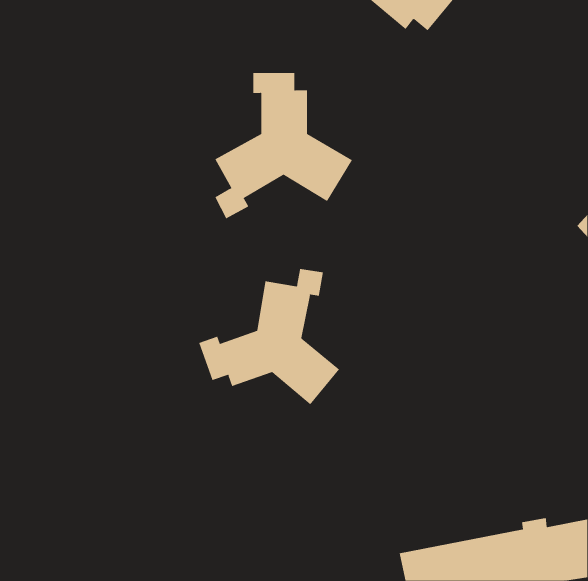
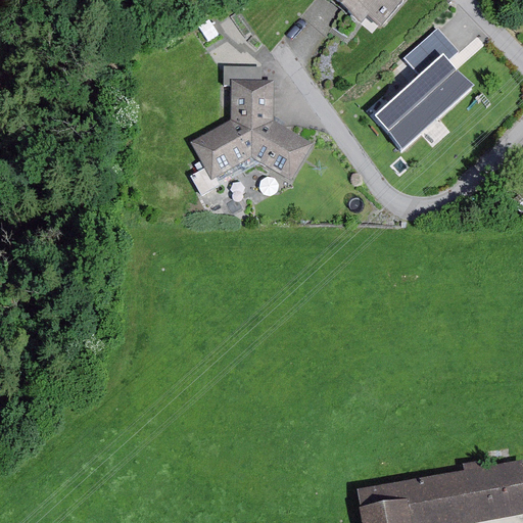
building: none -> [372,26,472,152]
building: [199,268,340,405] -> none

